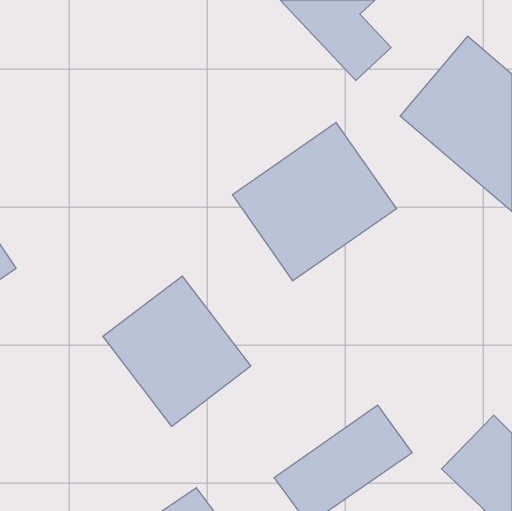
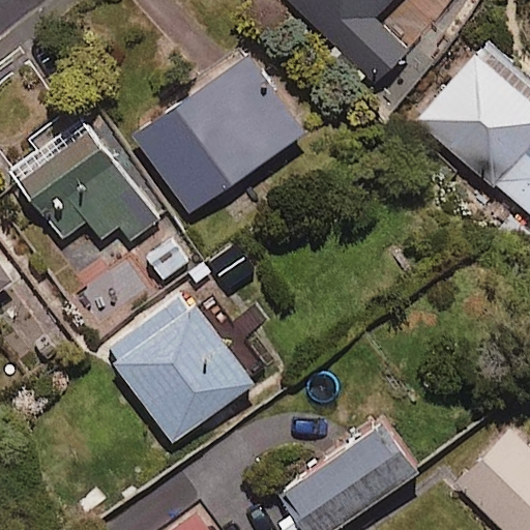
building: none -> [135,50,310,213]
building: none -> [23,128,161,239]
building: [232,122,397,281] -> none

